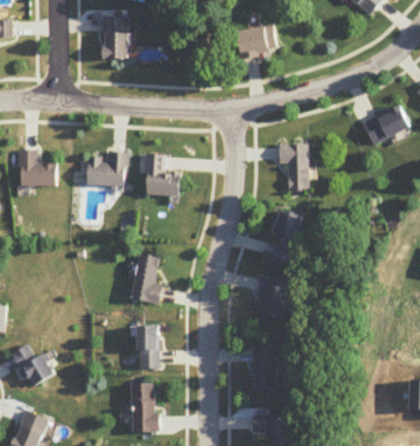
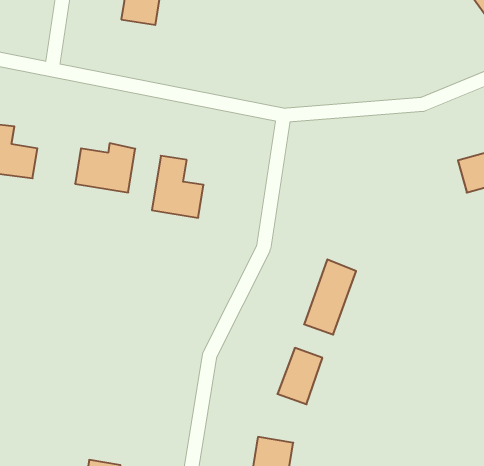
building: [235,24,276,57] -> none
building: [278,143,307,189] -> none
building: [130,254,161,302] -> none
building: [136,326,158,368] -> none

